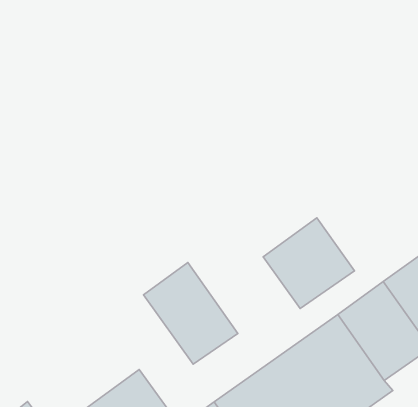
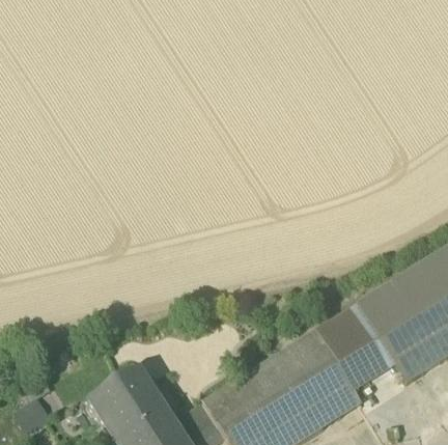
building: [263,218,354,308] -> none
building: [144,263,238,364] -> none

